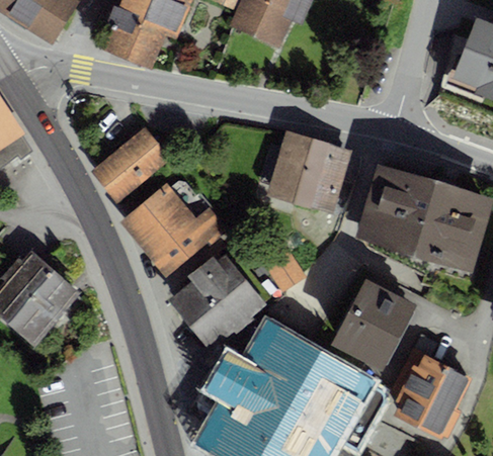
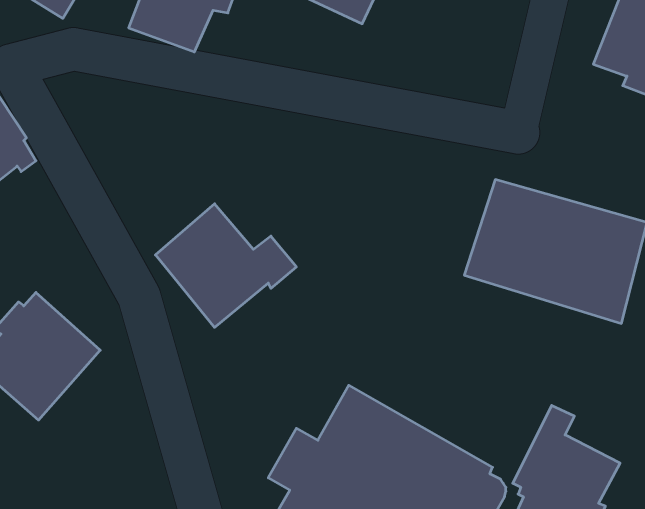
building: [94,126,170,201] -> none
building: [265,129,351,214] -> none
building: [168,253,265,349] -> none
building: [330,278,416,370] -> none

